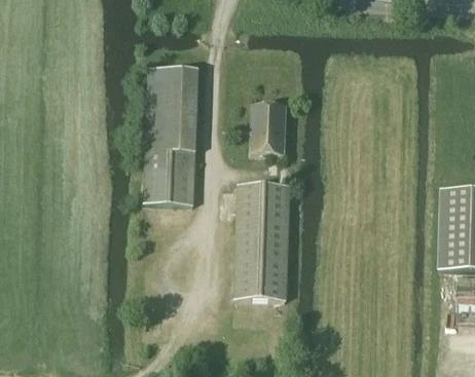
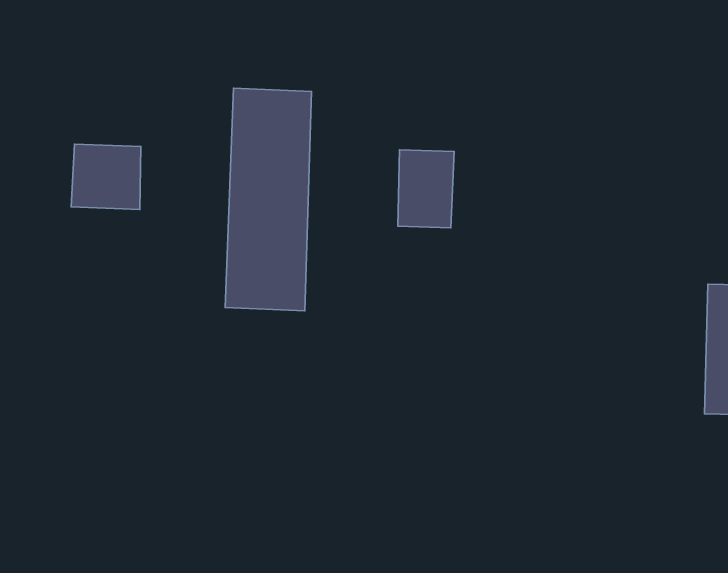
building: none -> [71,144,141,209]
building: [234,181,289,297] -> none

